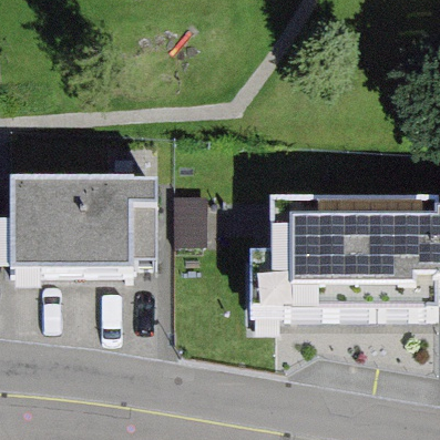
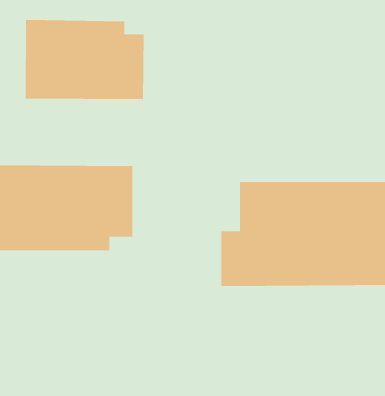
building: none -> [25,19,144,100]

